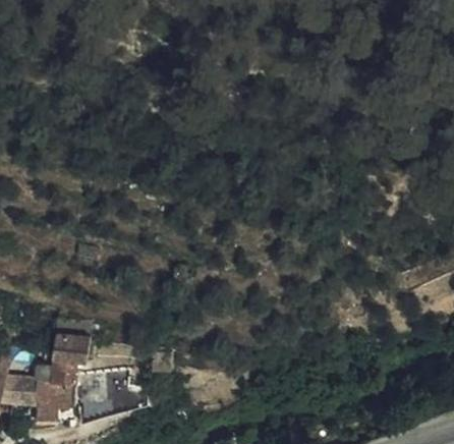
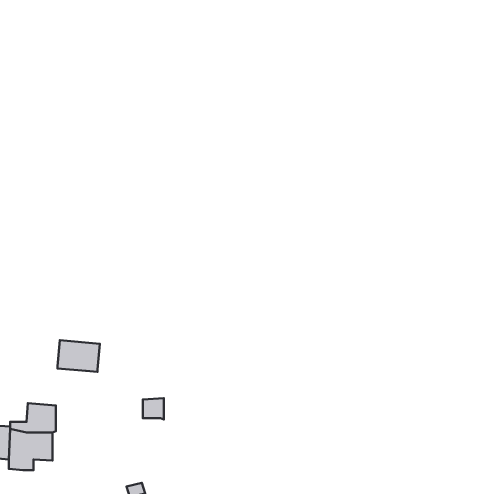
building: [51,335,88,363] -> [58,340,100,372]

